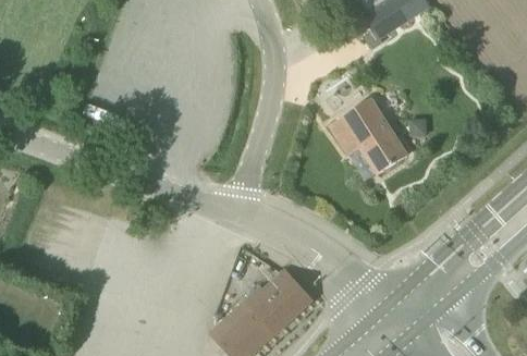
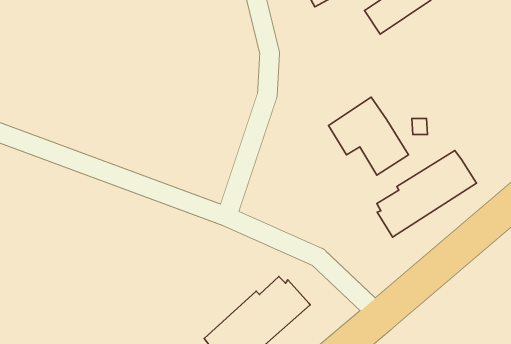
building: none -> [377,150,476,237]

